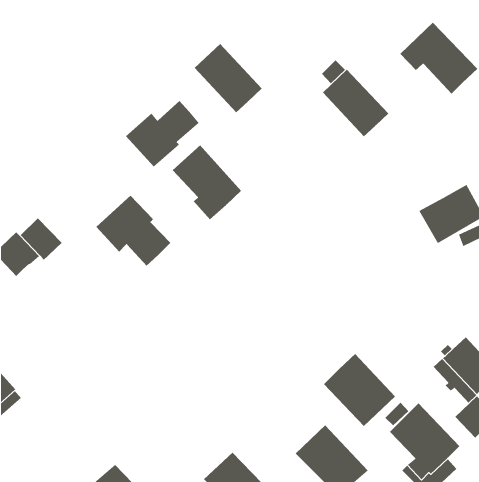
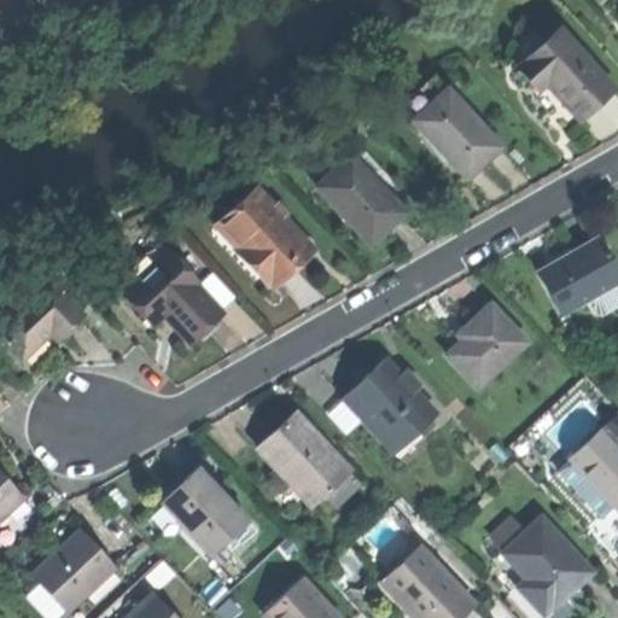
building: [194,43,263,113] -> [322,157,410,246]
building: [125,100,199,168] -> none
building: none -> [449,303,527,385]
building: none -> [258,412,352,507]
building: [323,353,396,427] -> [345,357,438,451]
building: none -> [162,467,251,558]
building: none -> [33,529,117,612]

